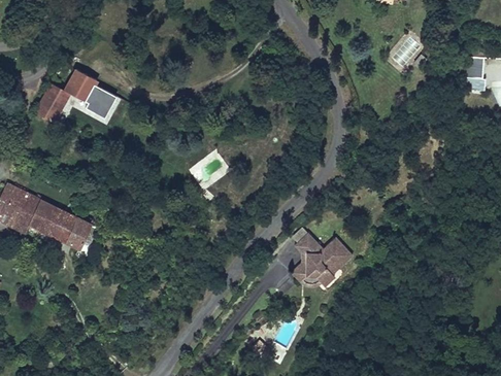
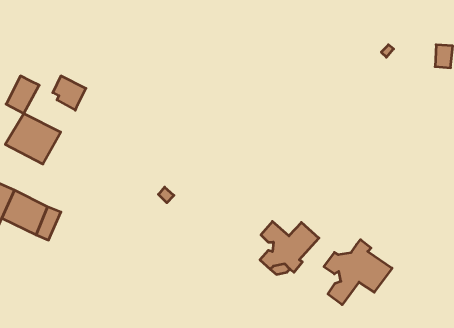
building: [63,71,96,103] -> none
building: none -> [5,113,61,164]
building: none -> [324,240,392,305]

